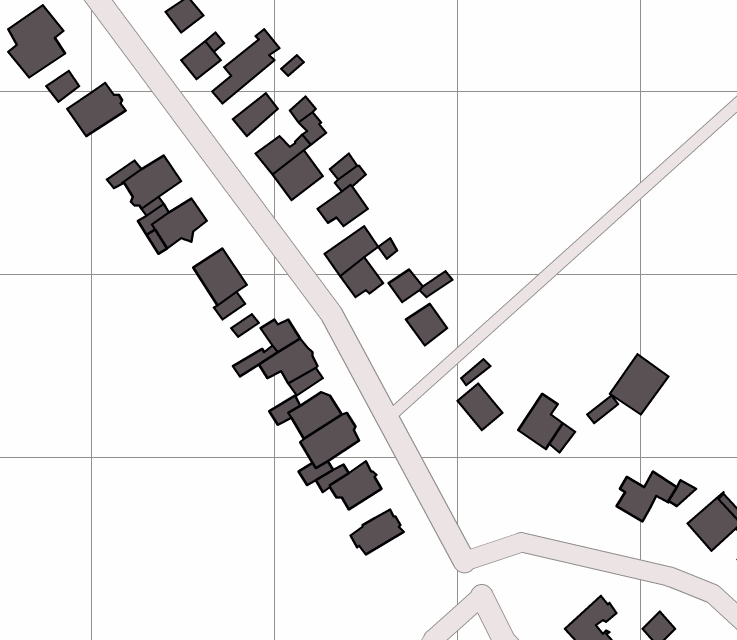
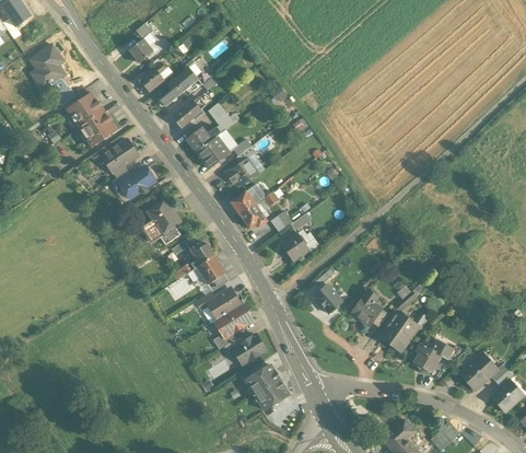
building: none -> [74,112,117,148]
building: [610,354,669,415] -> [381,312,418,350]
building: none -> [256,379,290,410]

